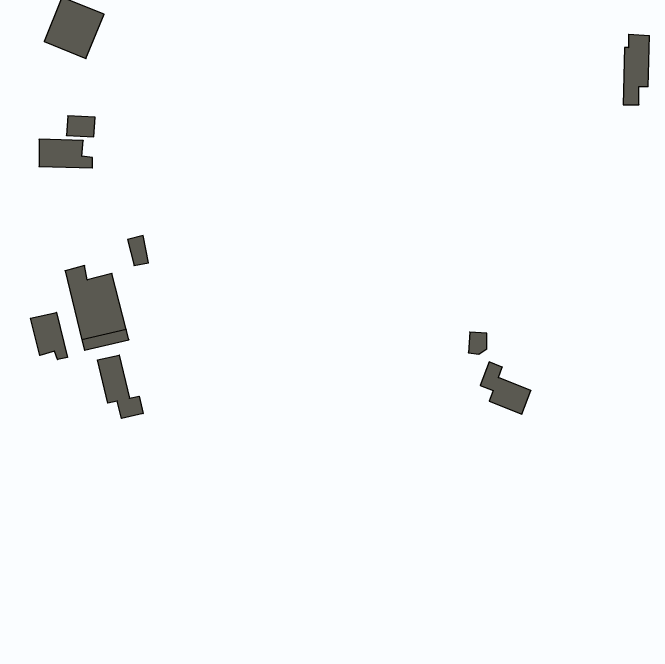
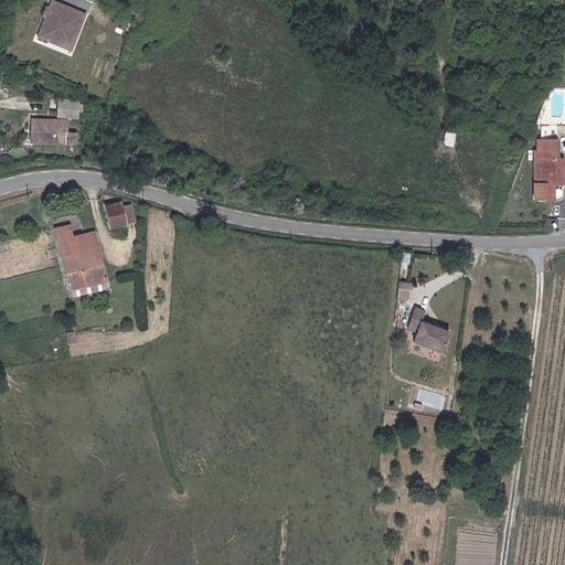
building: [623,34,649,105] -> [533,138,555,198]
building: [30,312,67,360] -> none
building: [98,355,143,418] -> none

